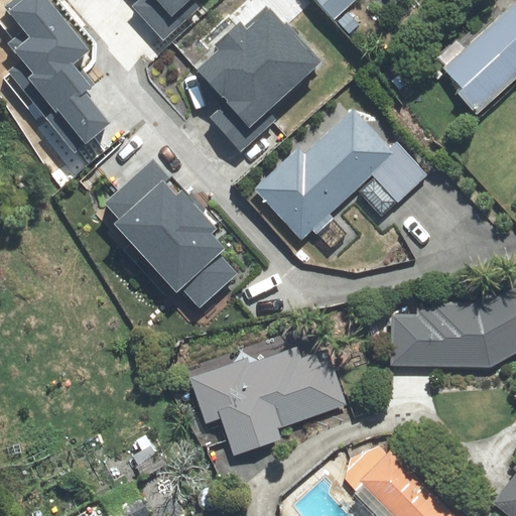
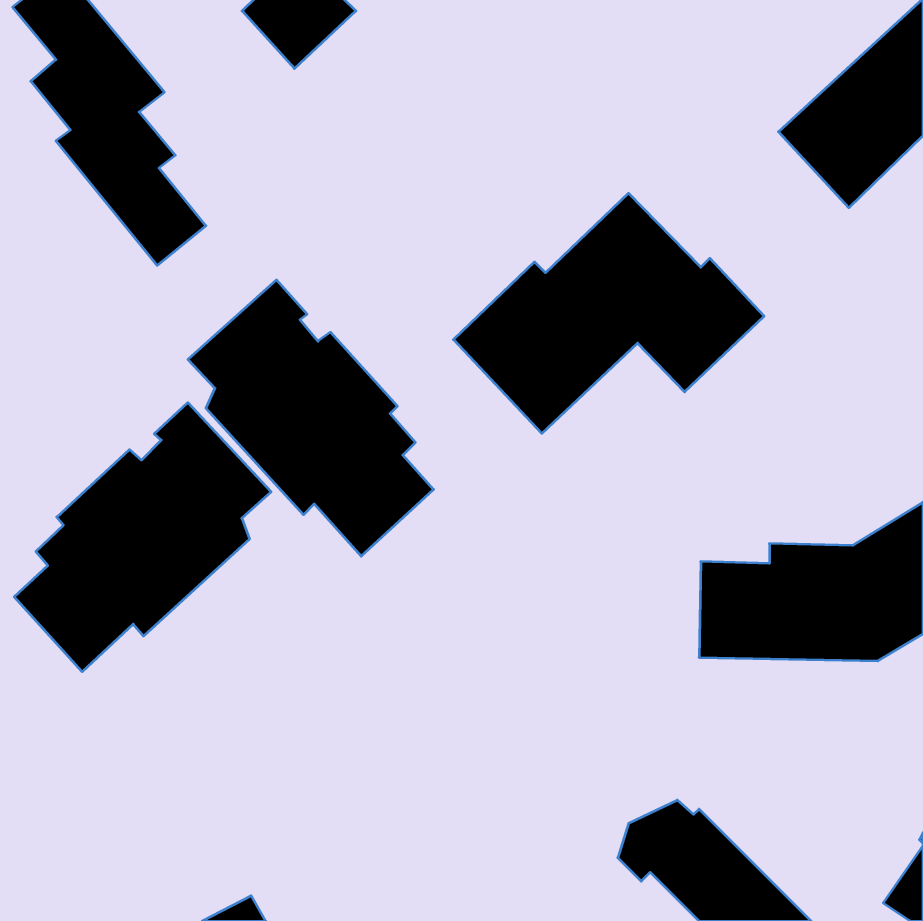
building: [198,8,320,147] -> none
building: none -> [14,403,271,672]
building: [189,348,346,458] -> none

